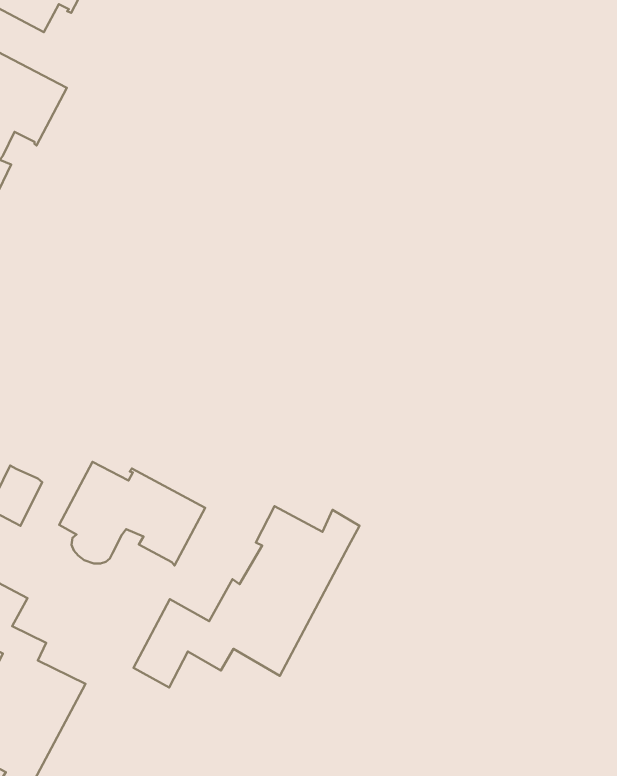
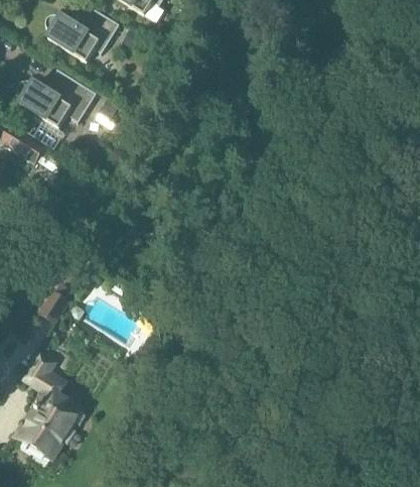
building: [59,462,205,566] -> none
building: [133,506,359,688] -> none

